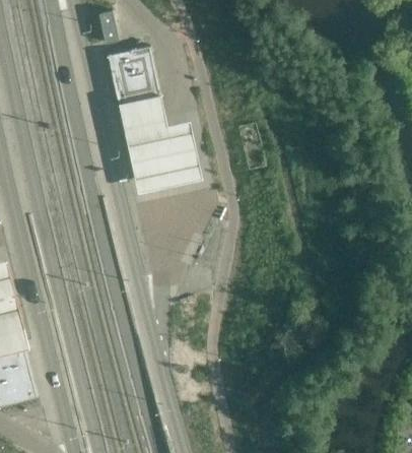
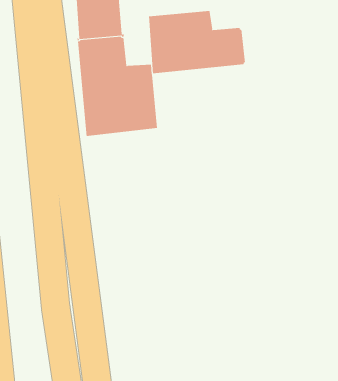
building: none -> [149,10,245,74]

